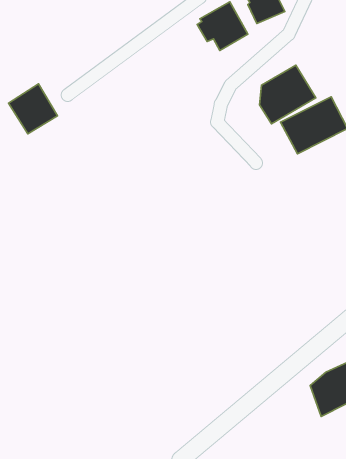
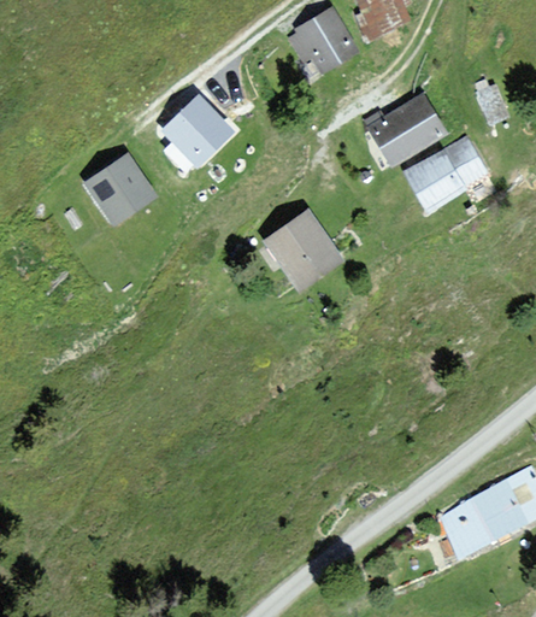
building: none -> [161,99,232,172]
building: [9,84,58,134] -> [87,157,152,223]
building: none -> [261,210,342,292]

